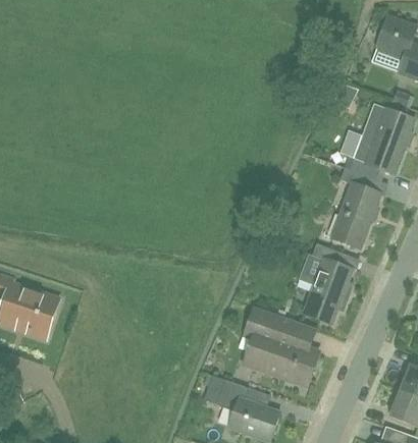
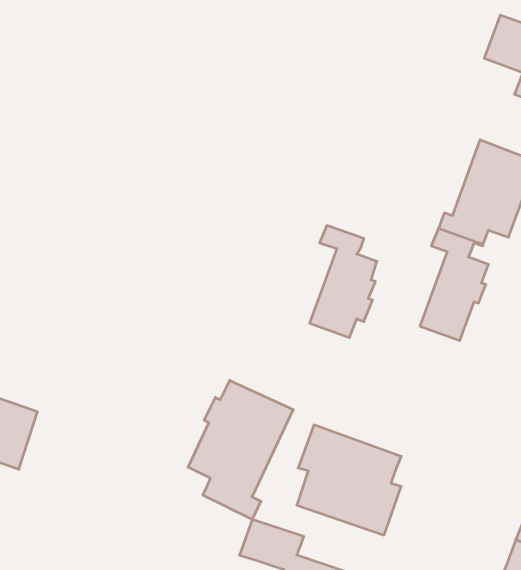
building: [303,243,351,323] -> [310,226,377,337]
building: none -> [188,380,293,519]

